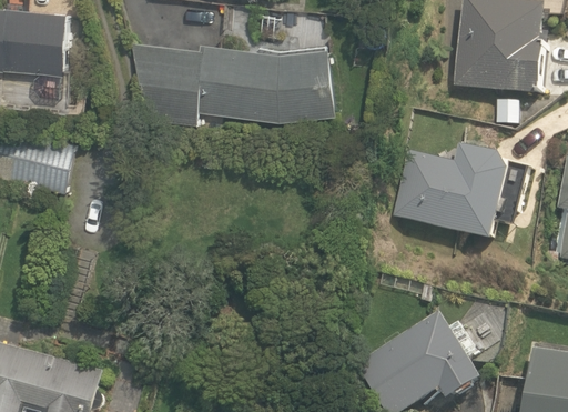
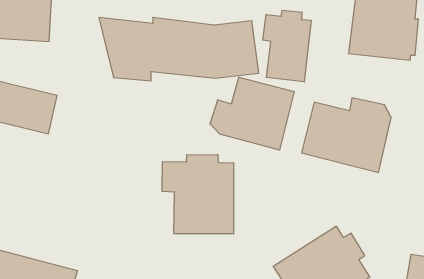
building: none -> [263,10,311,82]
building: none -> [210,77,294,150]
building: none -> [162,154,234,234]

